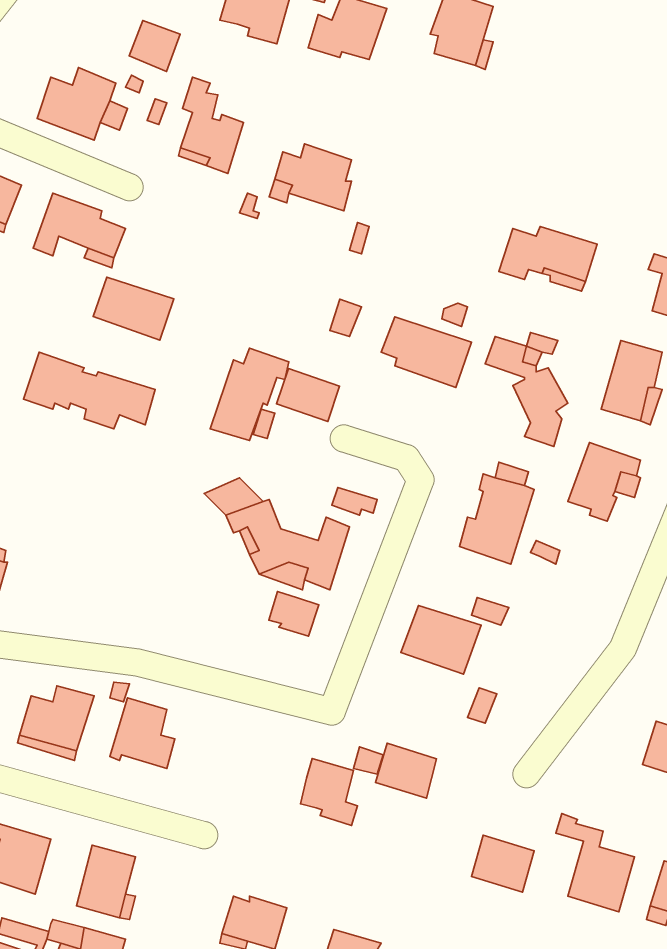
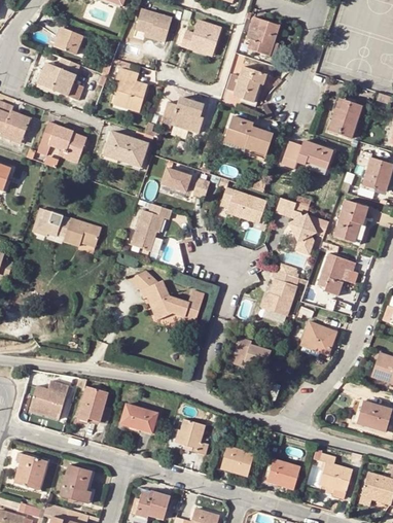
building: [129,20,180,71] -> [56,27,82,54]
building: none -> [225,66,265,102]
building: none -> [328,99,360,138]
building: none -> [224,115,273,155]
building: [93,277,174,340] -> [105,132,147,165]
building: [277,369,340,422] -> [159,167,192,195]
building: none -> [300,321,335,354]
building: [269,591,319,636] -> none
building: none -> [120,404,157,431]
building: [375,743,436,798] -> [221,447,253,476]

